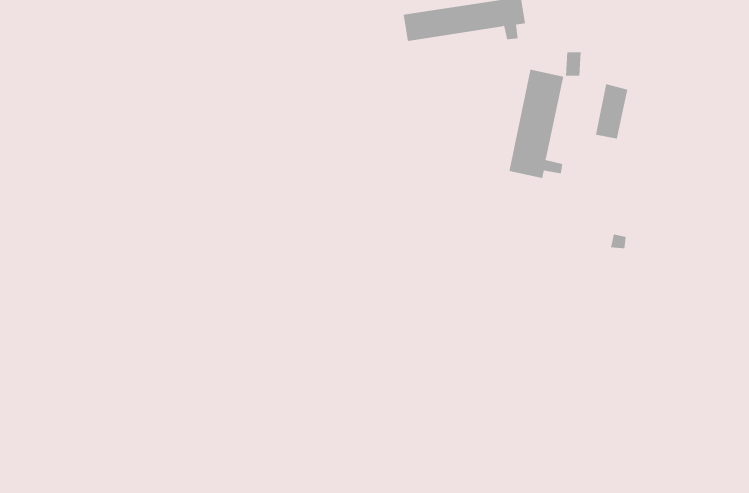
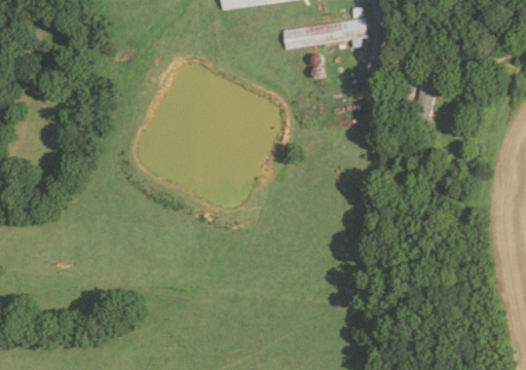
building: [509,69,564,179] -> none

